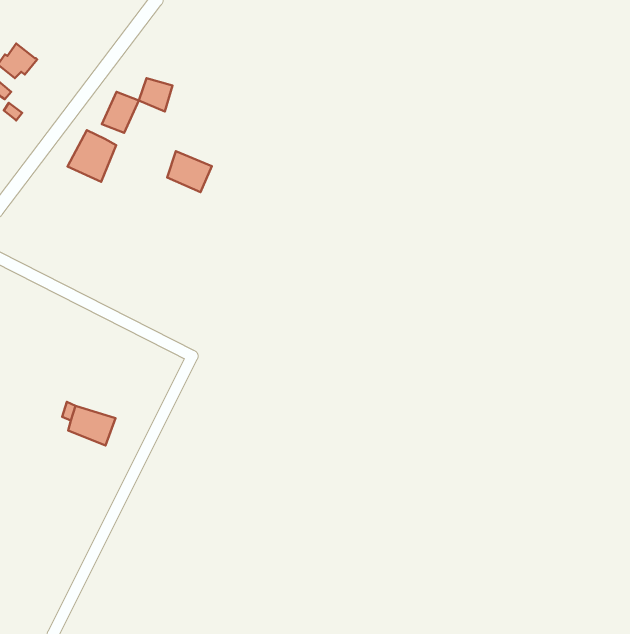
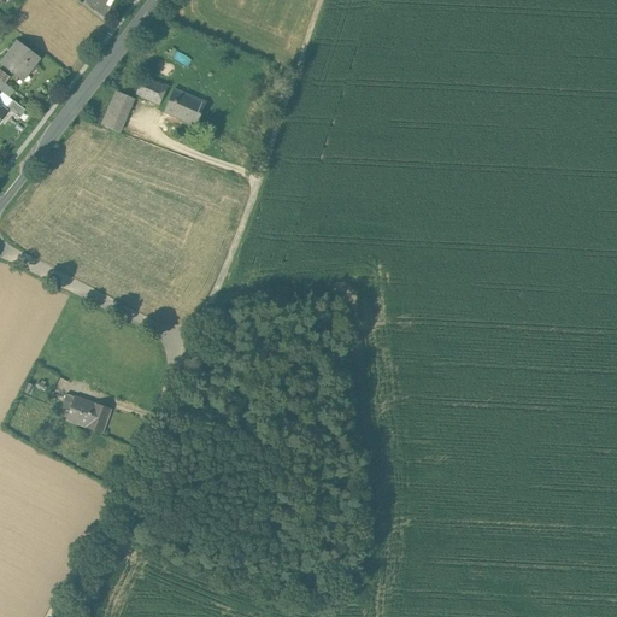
building: [68,130,116,182] -> none
building: [167,151,212,192] -> [164,86,207,125]

